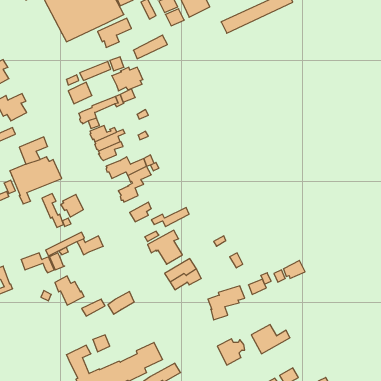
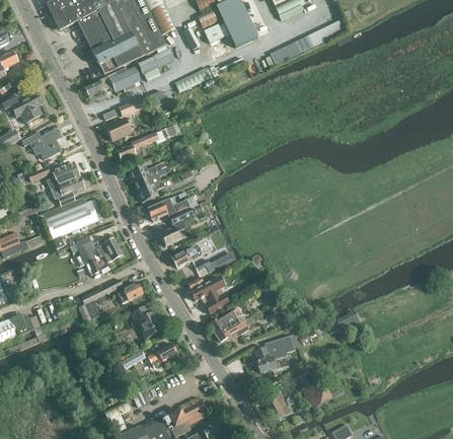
building: [112,67,143,91] -> [107,66,141,91]
building: none -> [47,161,79,188]
building: [55,276,84,305] -> [131,305,162,337]

